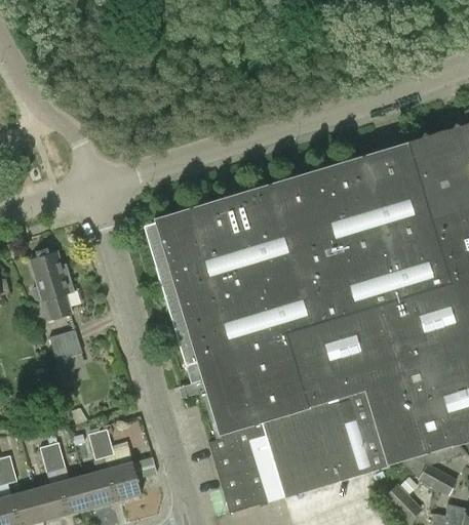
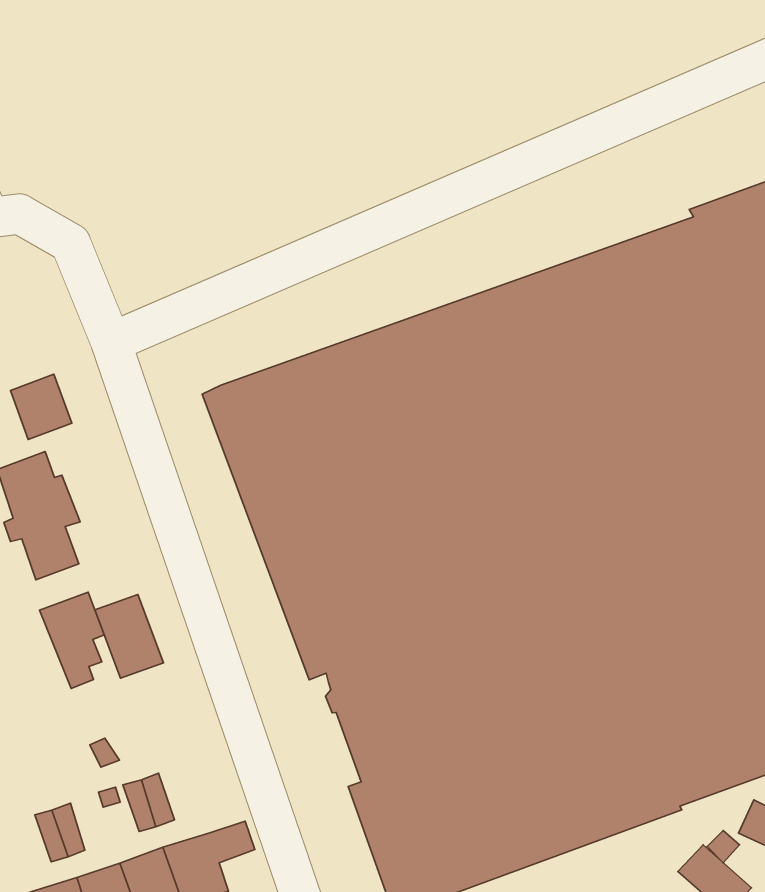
building: none -> [10,374,72,439]
building: none -> [95,594,163,678]

